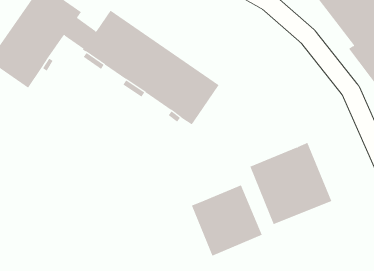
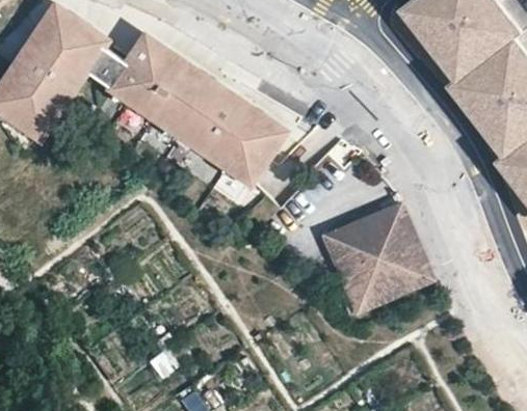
building: [191,185,262,257] -> none

